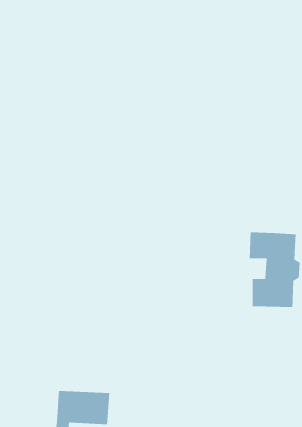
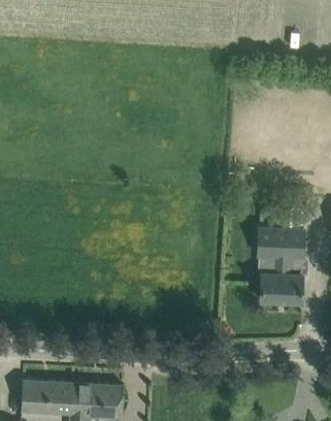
building: none -> [21,381,72,415]

